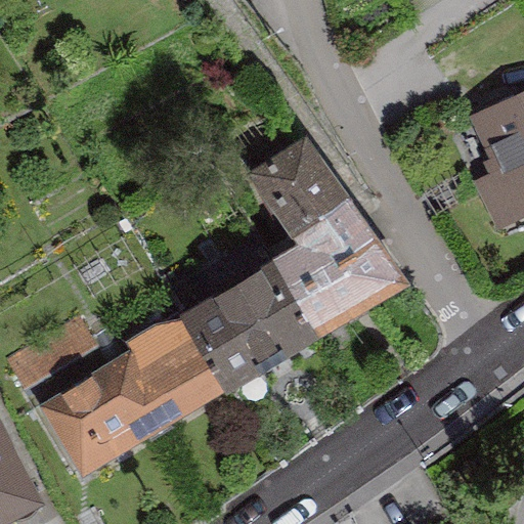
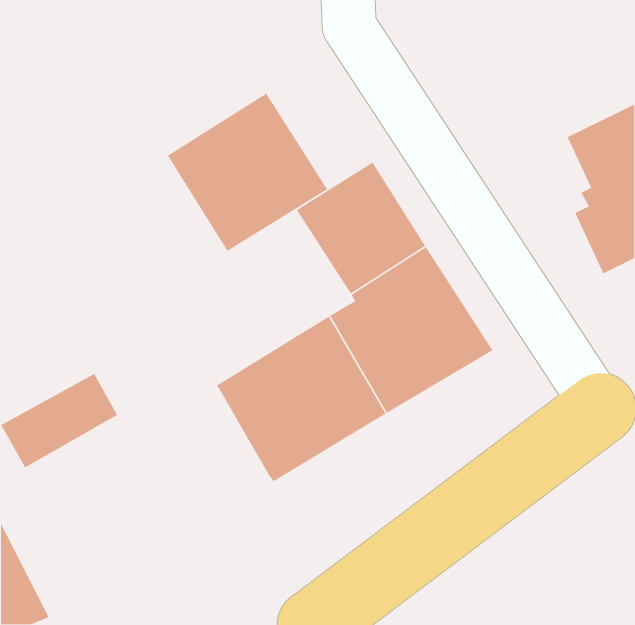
building: none -> [167,92,328,252]
building: [40,317,221,476] -> none

